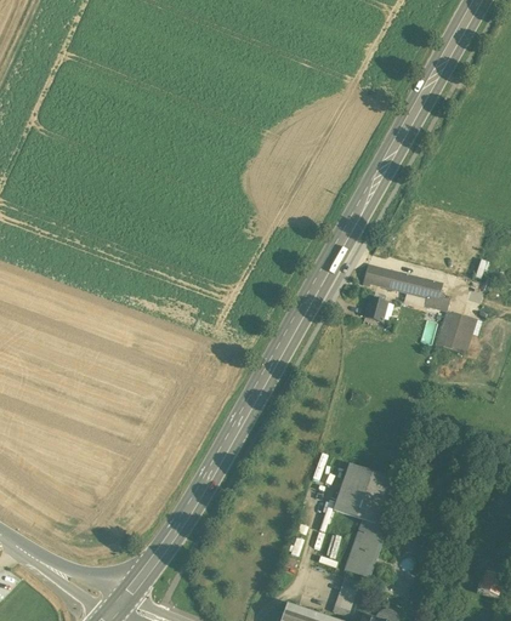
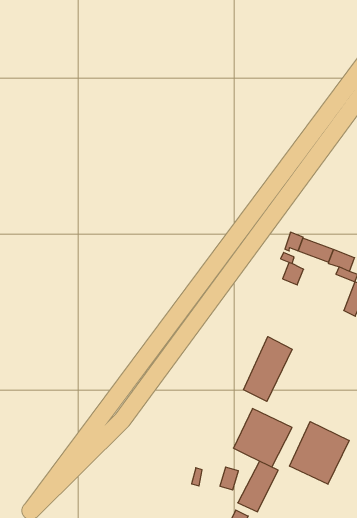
building: none -> [244,337,292,401]
building: none -> [290,422,349,484]

